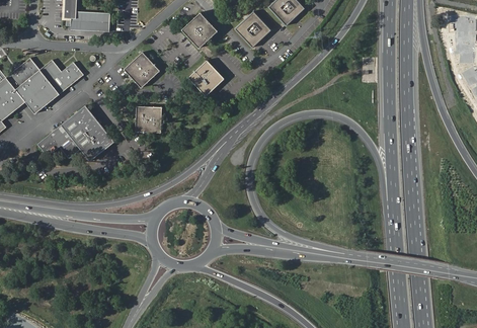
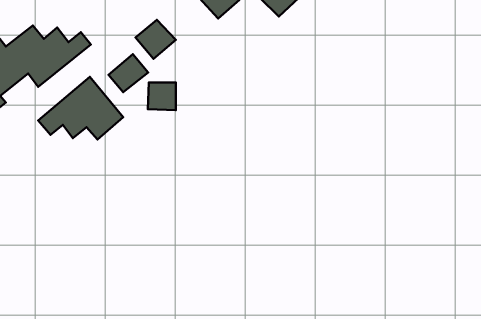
building: [187,57,224,94] -> none
building: none -> [109,54,148,92]

